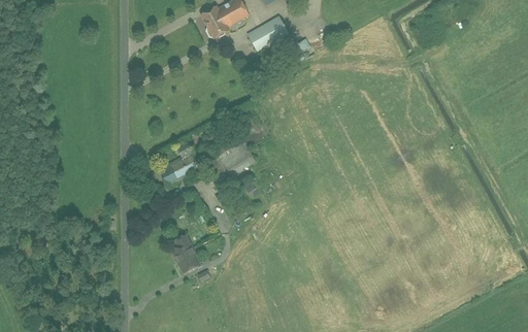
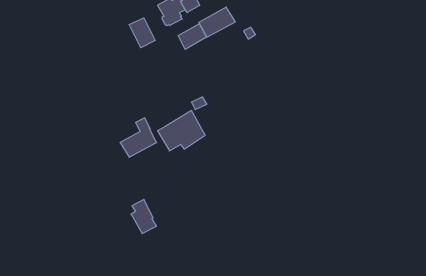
building: none -> [129,18,155,48]
building: none -> [178,24,207,49]

